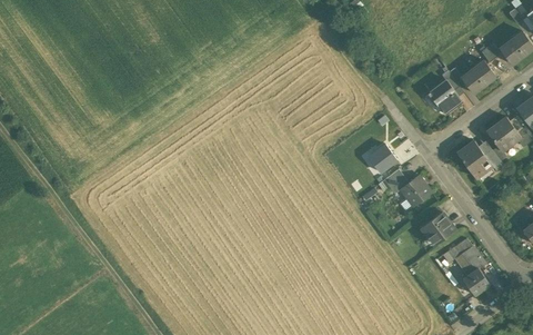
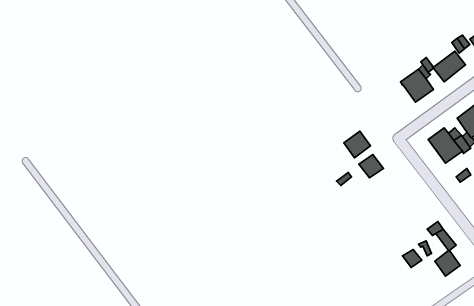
building: [400,176,431,207] -> none
building: [421,213,455,246] -> none

